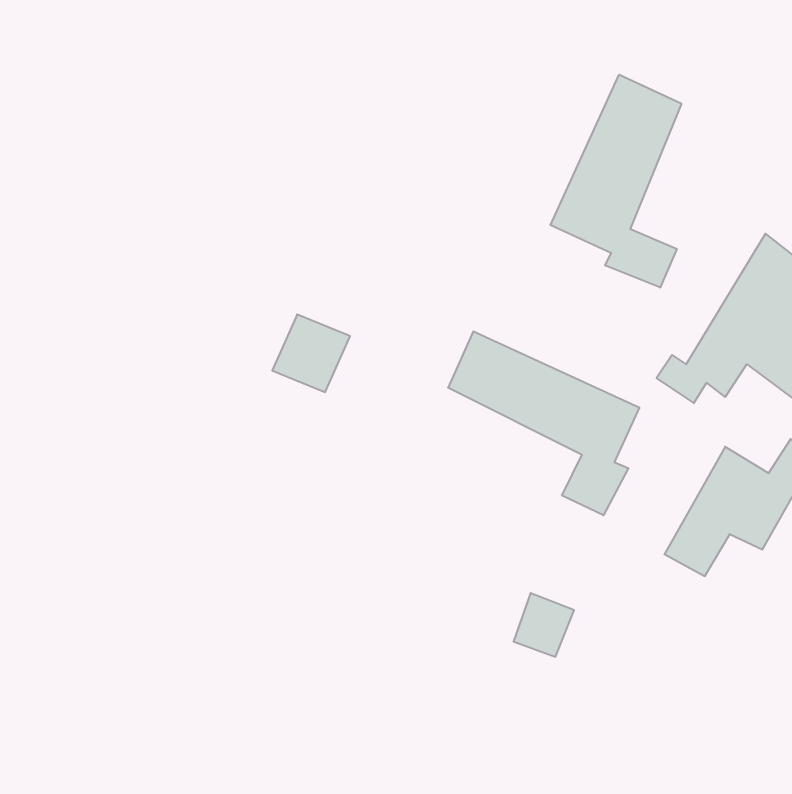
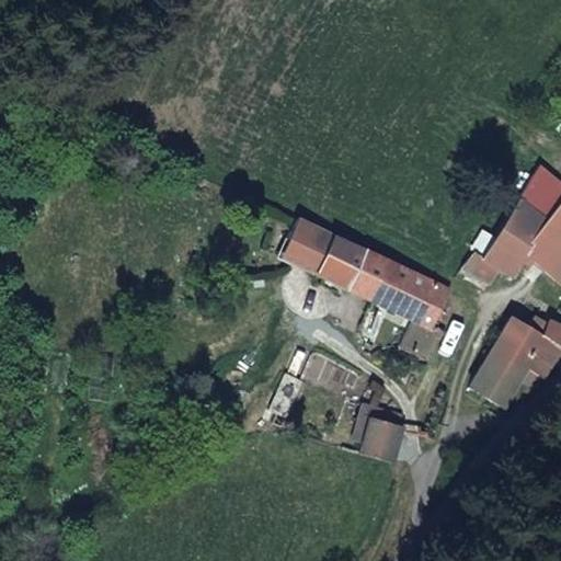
building: [550,75,681,288] -> none
building: [272,314,350,392] -> [280,218,335,273]

